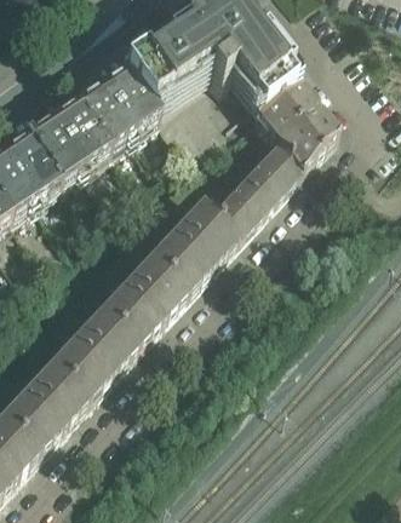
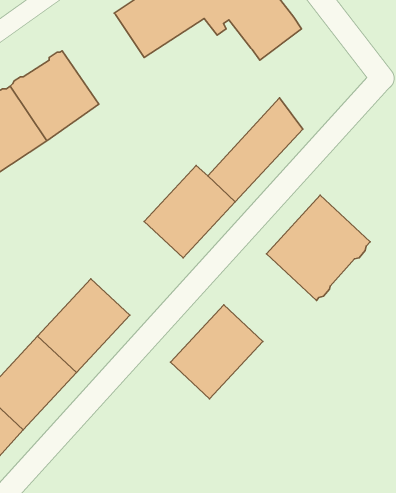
building: [73,68,156,151] -> none
building: [231,81,336,174] -> none
building: none -> [266,195,370,300]
building: [99,260,185,347] -> [170,305,263,399]

